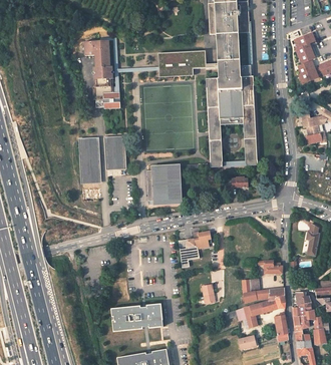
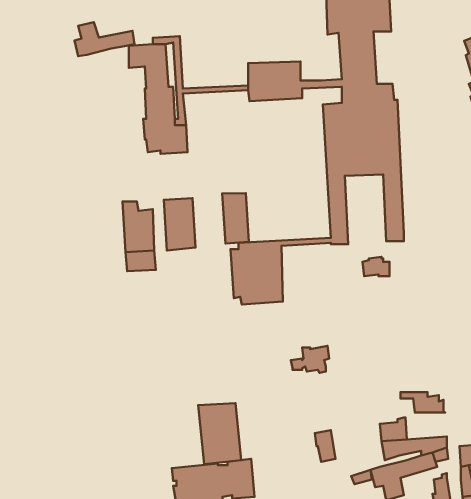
building: none -> [75,22,135,56]
building: none -> [222,193,249,244]
building: none -> [198,403,241,464]

